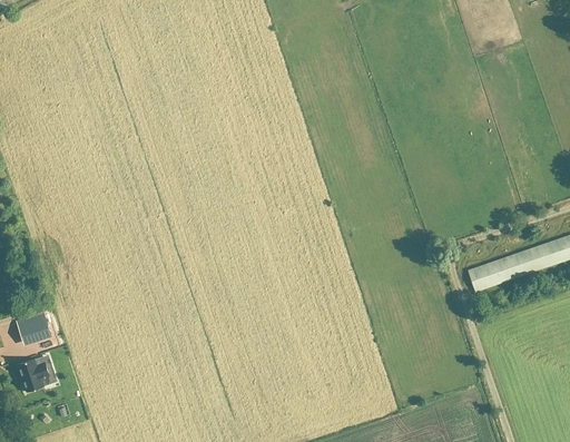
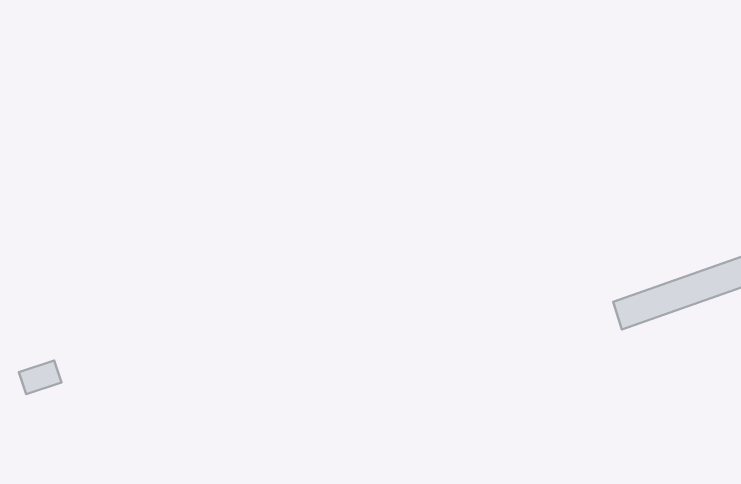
building: [18,357,52,391] -> none

